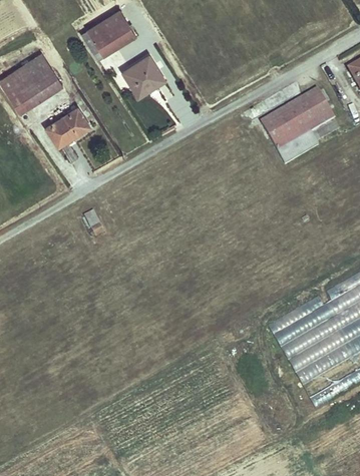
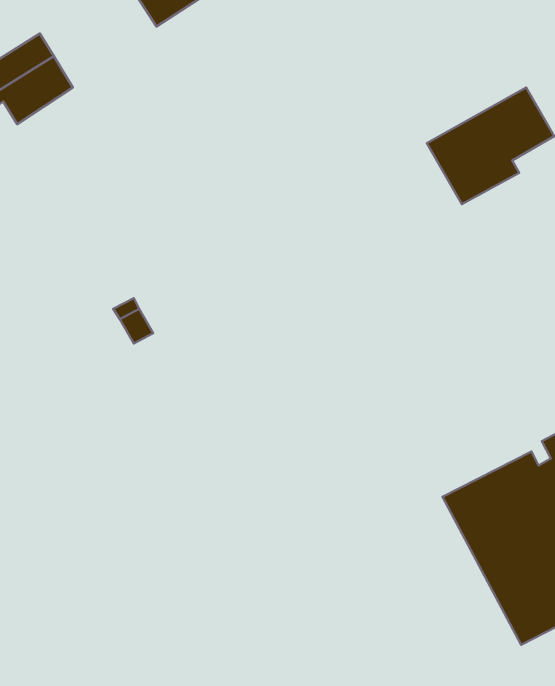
building: [123,51,165,90] -> none
building: [46,107,87,144] -> none

